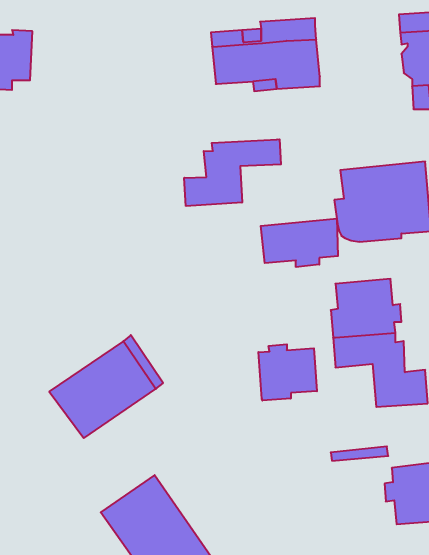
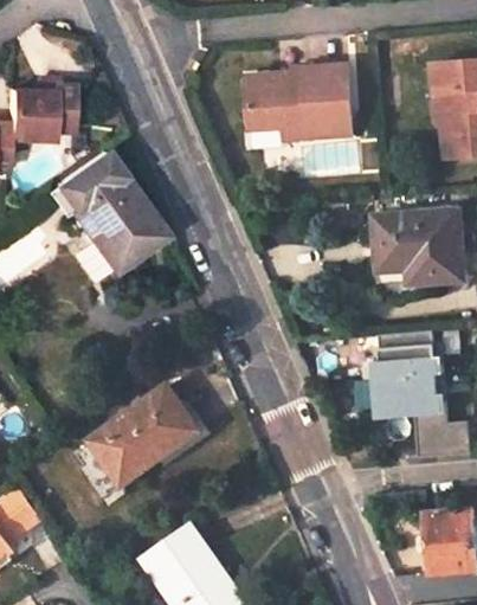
building: none -> [53,152,157,272]
building: [184,139,281,206] -> none
building: [261,218,338,267] -> none
building: [258,344,317,401] -> none

